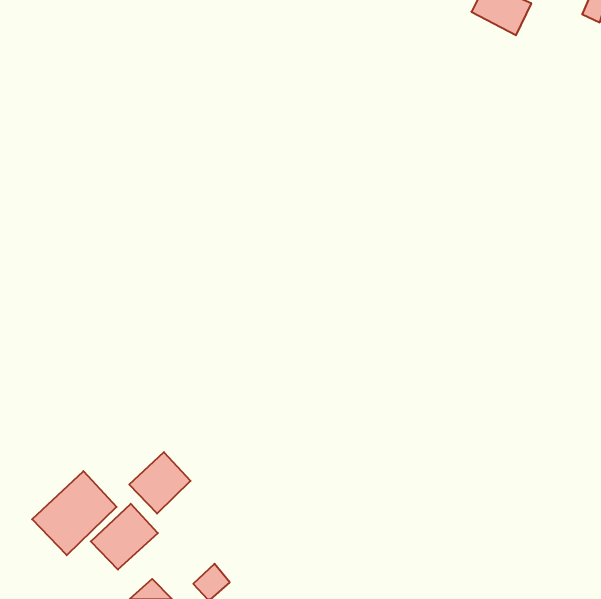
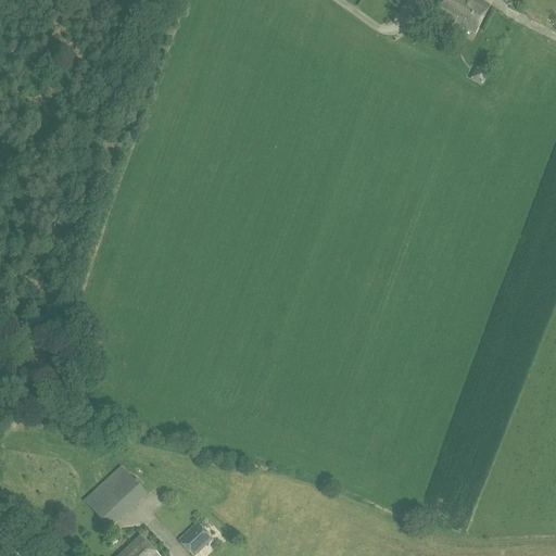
building: [129,452,191,514] -> none
building: [32,471,117,555] -> none

